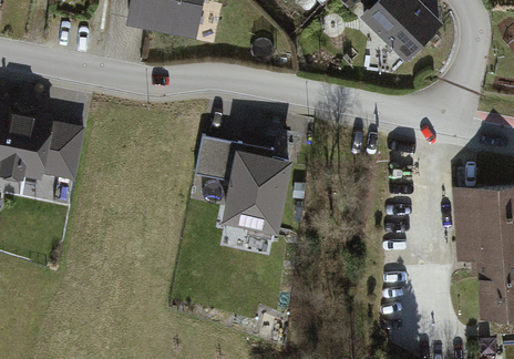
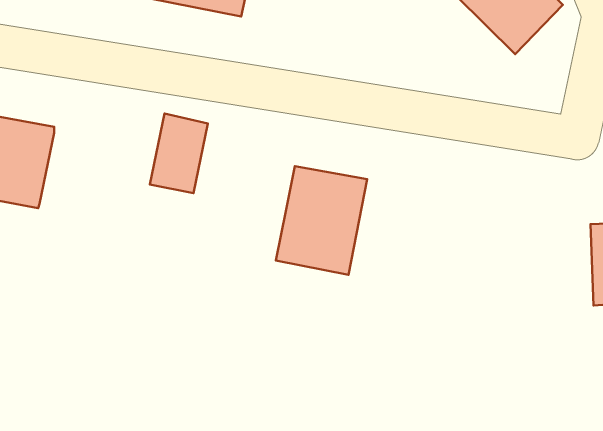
building: [42,122,86,183] -> [150,113,208,193]
building: [196,140,237,181] -> none

